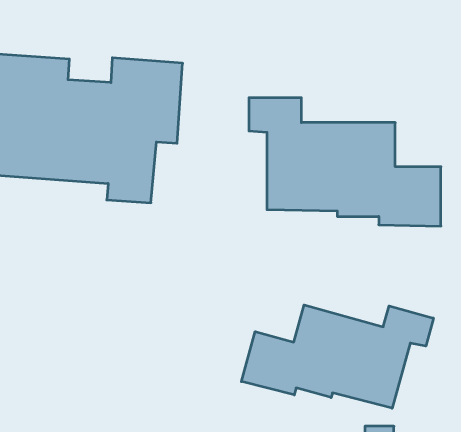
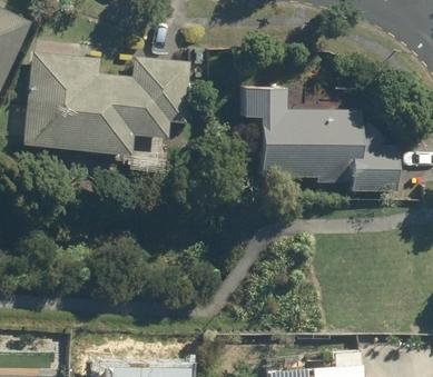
building: [241,305,433,408] -> none

